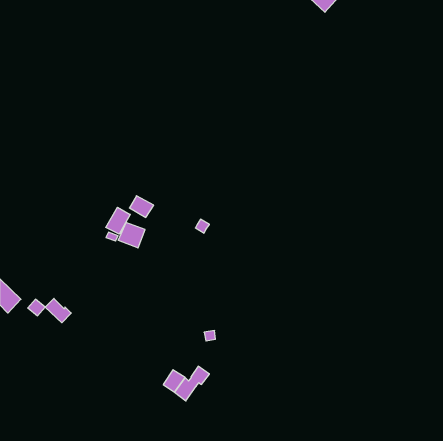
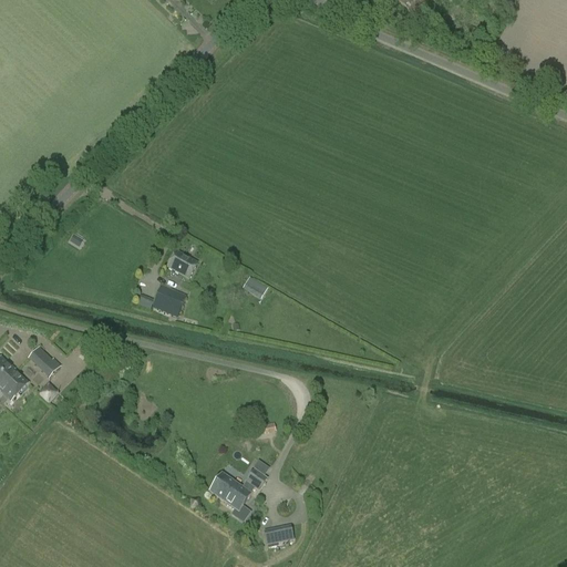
building: [106,207,130,234] -> none
building: [45,298,71,323] -> [27,344,60,375]
building: none -> [262,523,292,544]

